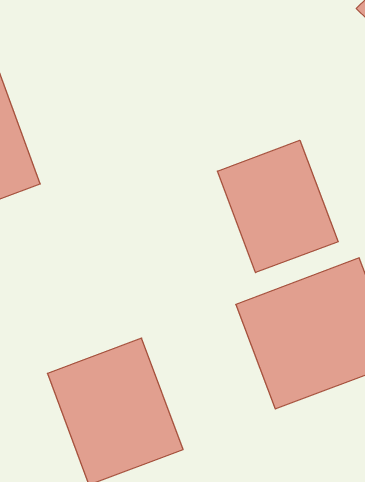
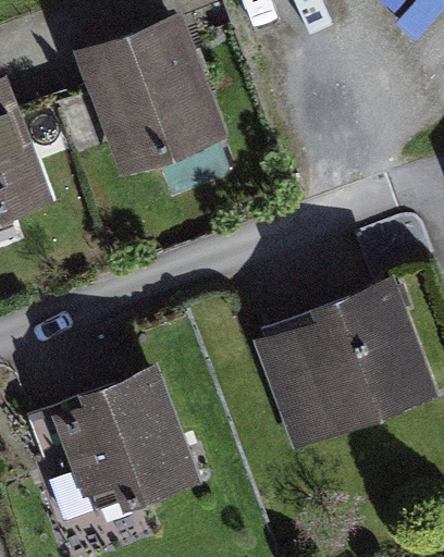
building: none -> [72,12,223,177]
building: [217,140,338,273] -> none

